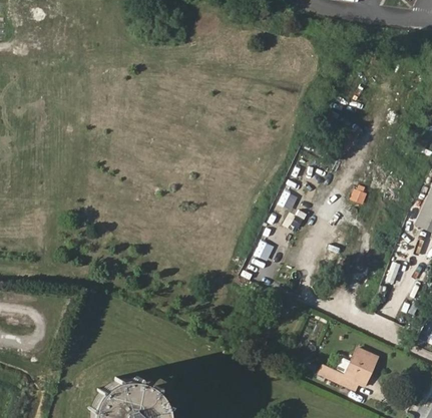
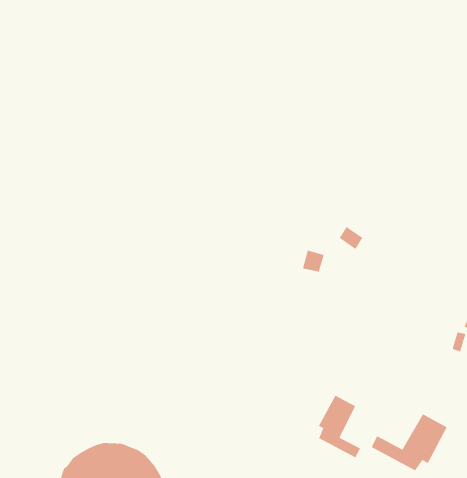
building: none -> [318,395,361,458]

